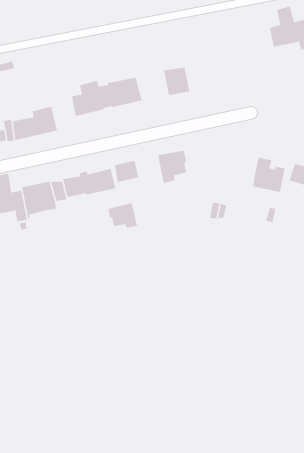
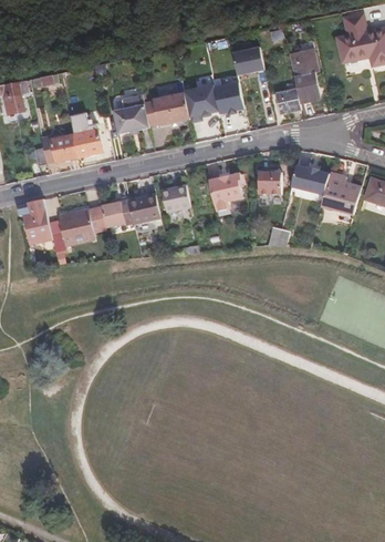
building: none -> [237,45,269,73]
building: none -> [280,47,325,105]
building: none -> [188,82,223,115]
building: none -> [289,172,323,198]
building: none -> [259,173,282,194]
building: [108,202,138,228] -> none

